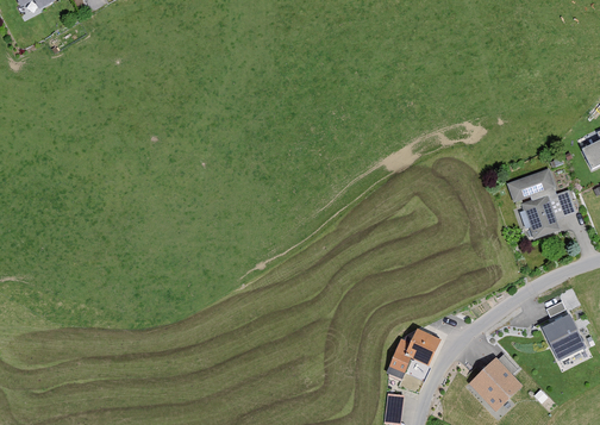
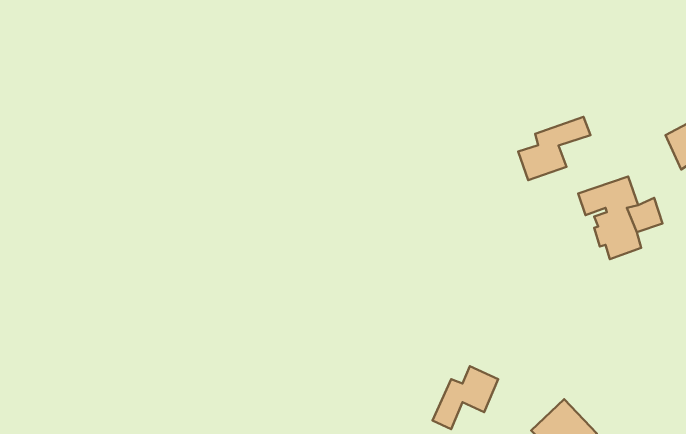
building: none -> [518,117,590,180]
building: [543,315,586,360] -> none

